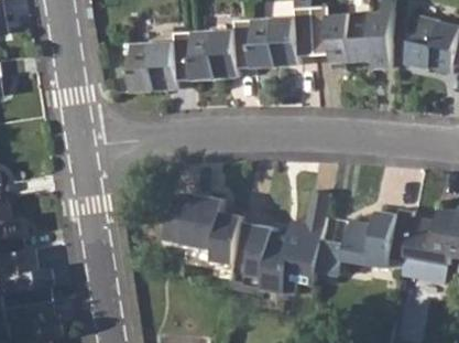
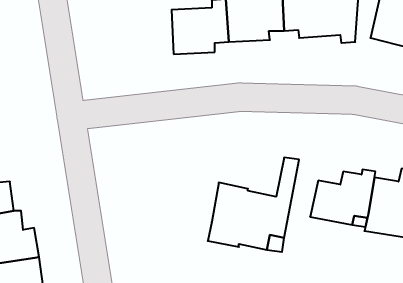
building: [136,32,199,93] -> none
building: [170,192,250,265] -> none

